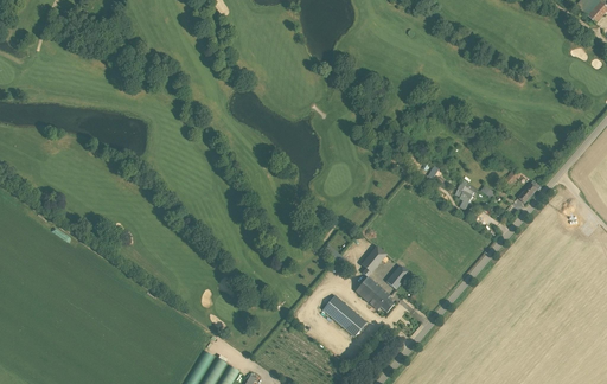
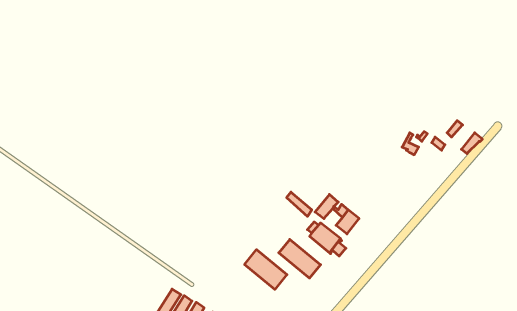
building: none -> [245,250,287,289]

